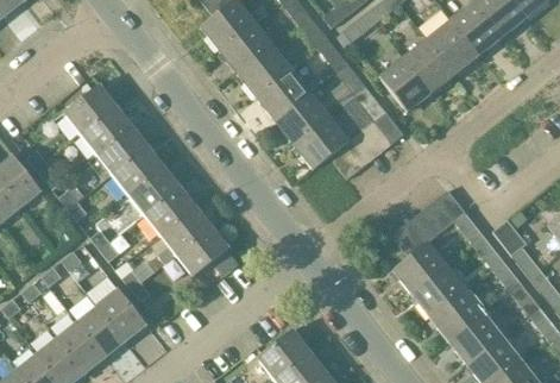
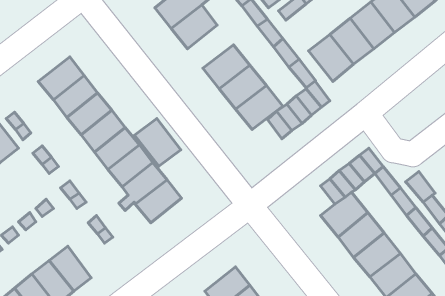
building: [237,48,290,98] -> none
building: none -> [135,119,181,166]
building: [97,288,146,341] -> none

